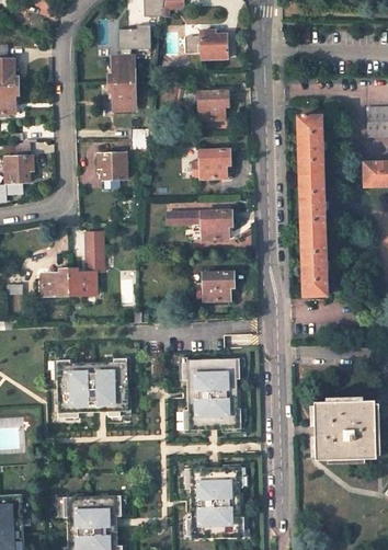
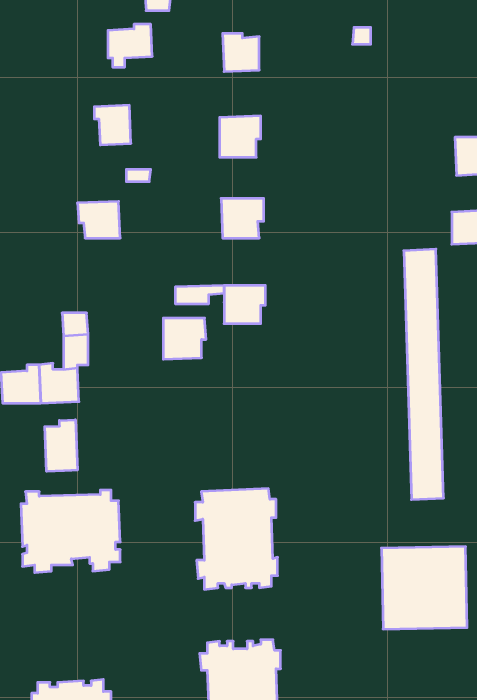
building: [107,55,134,83] -> none
building: [298,115,327,295] -> [404,249,444,500]
building: [203,271,233,300] -> [163,318,206,359]
building: none -> [45,420,77,471]

